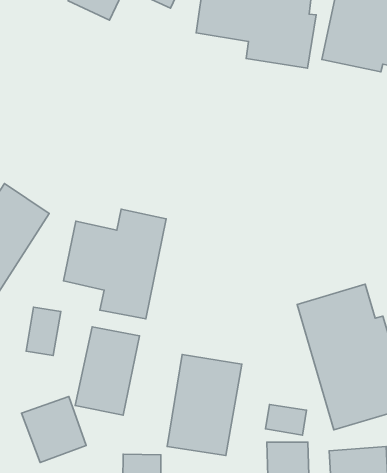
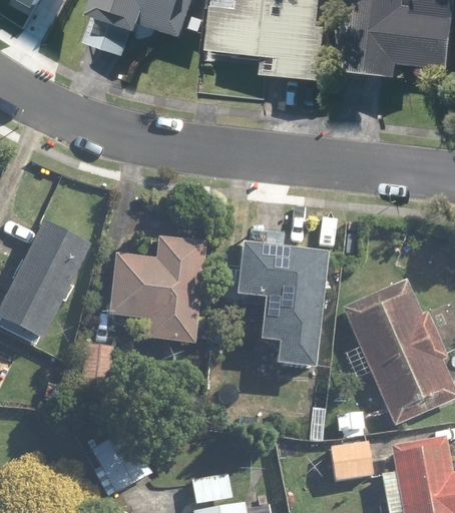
building: none -> [239,243,327,369]
building: [75,327,139,415] -> none
building: [167,354,242,456] -> none

